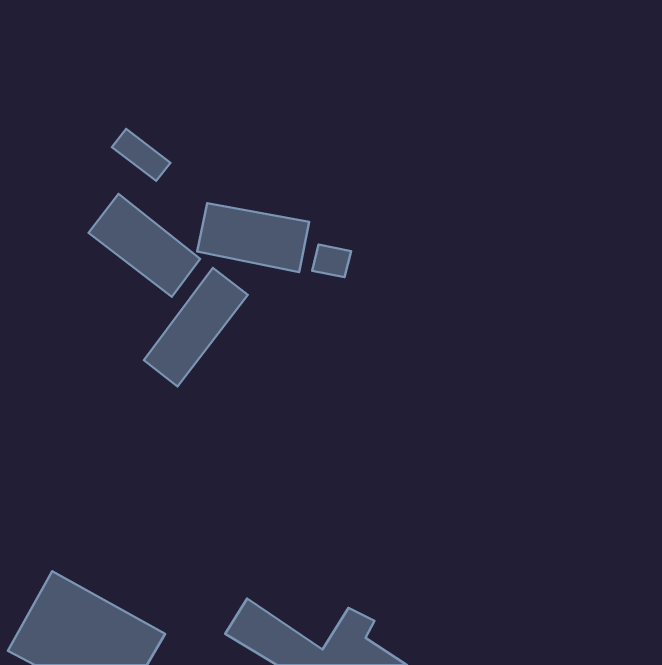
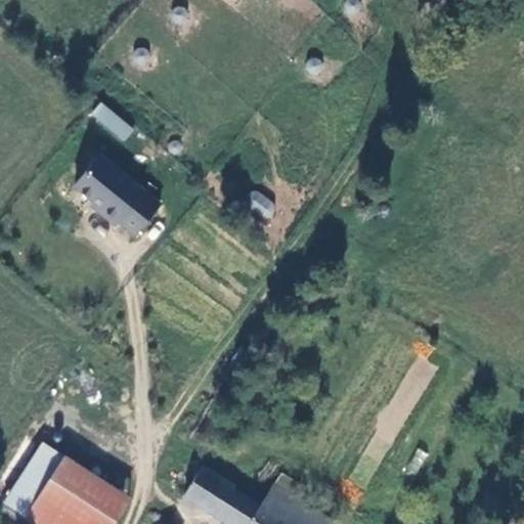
building: [197,203,309,272] -> none
building: [144,268,248,386] -> none

